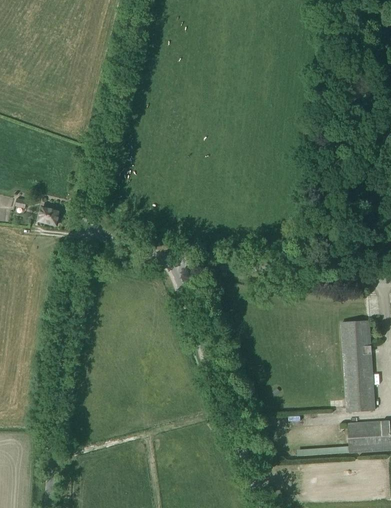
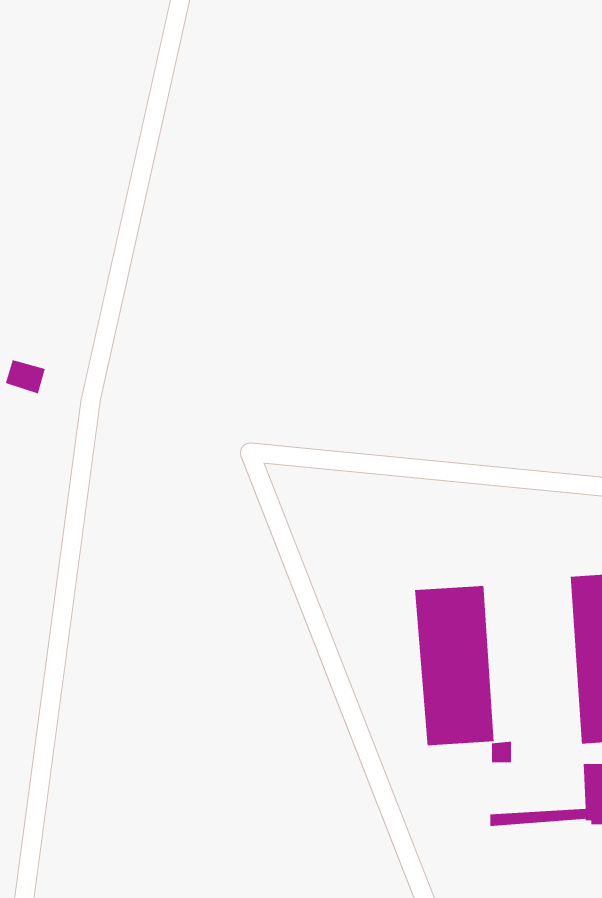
building: none -> [414,585,495,746]

